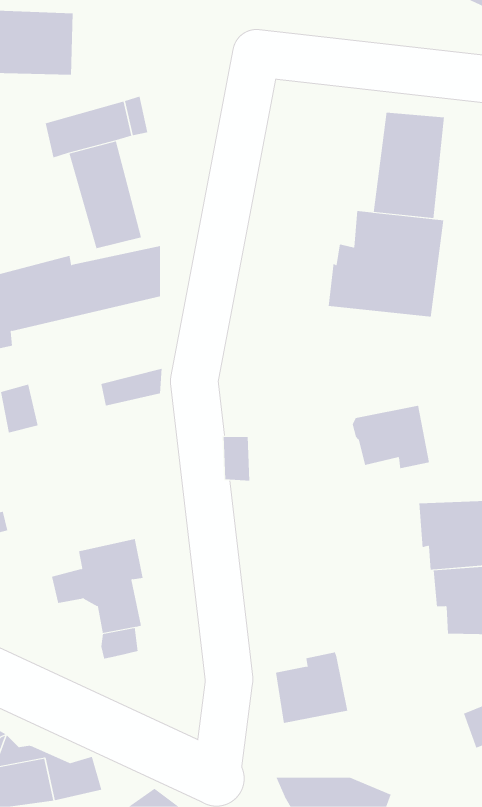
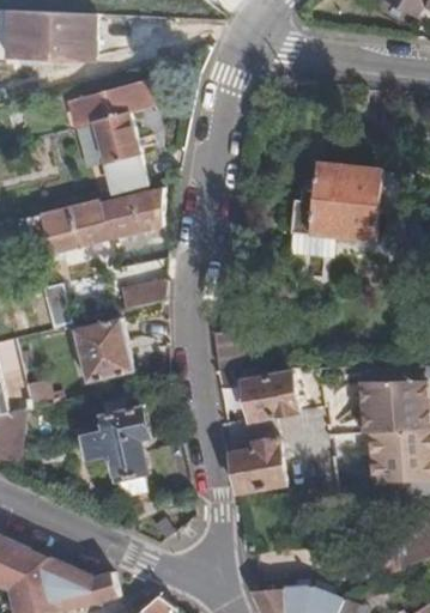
building: [373,112,445,219] -> none
building: [352,405,430,469] -> [238,374,297,421]
building: none -> [73,318,134,381]
building: [275,652,348,723] -> [226,438,281,492]

